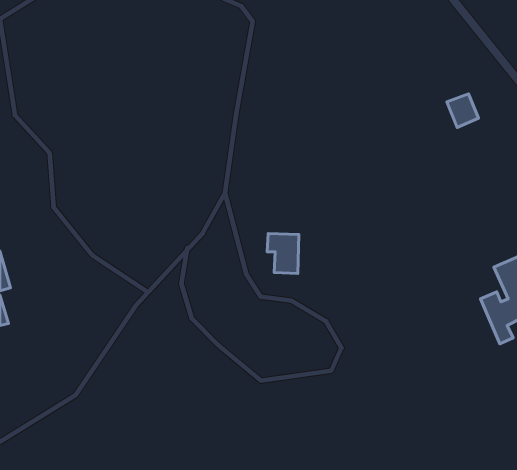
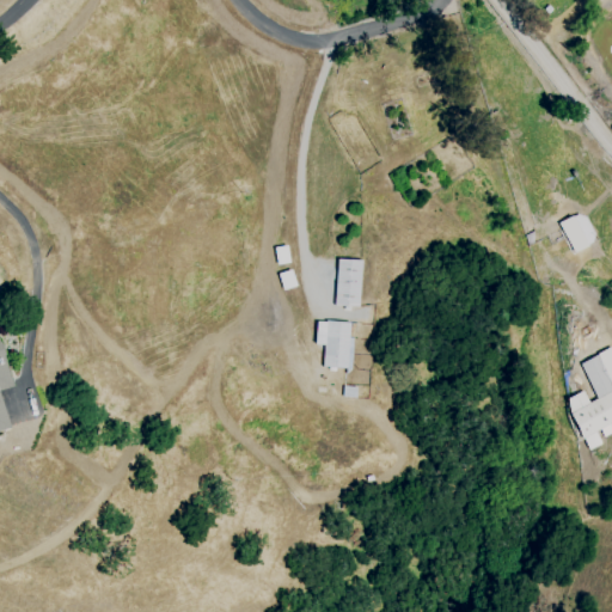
building: [447,94,479,127] -> [561,212,598,251]
building: none -> [336,258,362,306]

